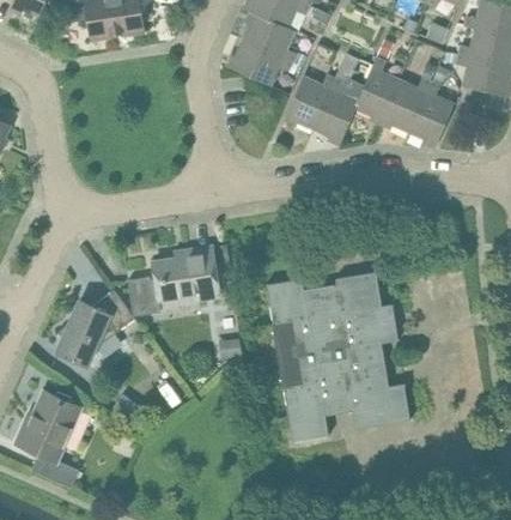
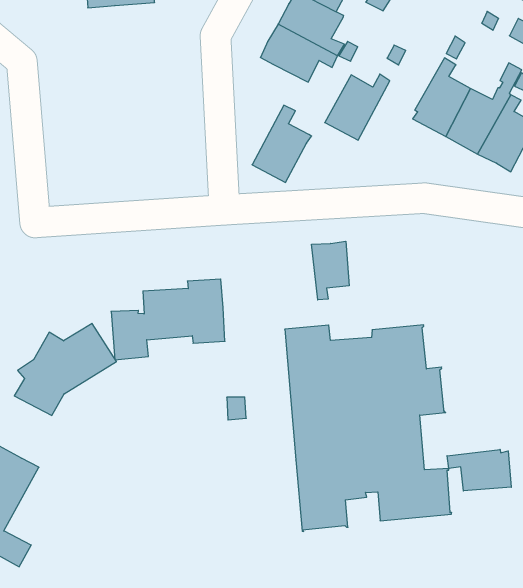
building: [314,78,359,139] -> [252,105,312,182]
building: none -> [312,241,349,300]
building: none -> [447,449,511,491]

